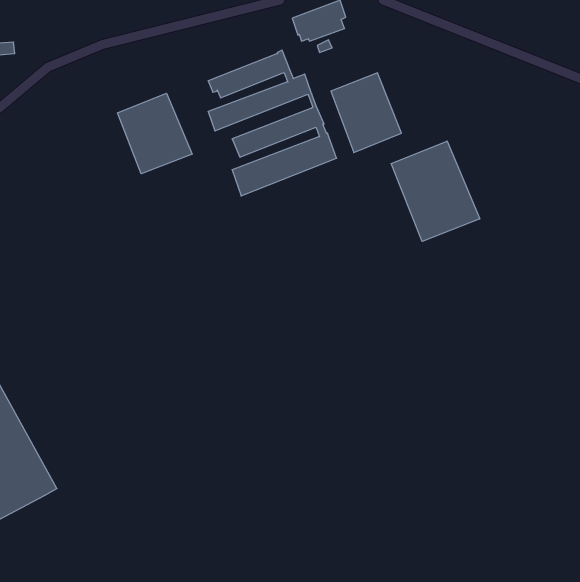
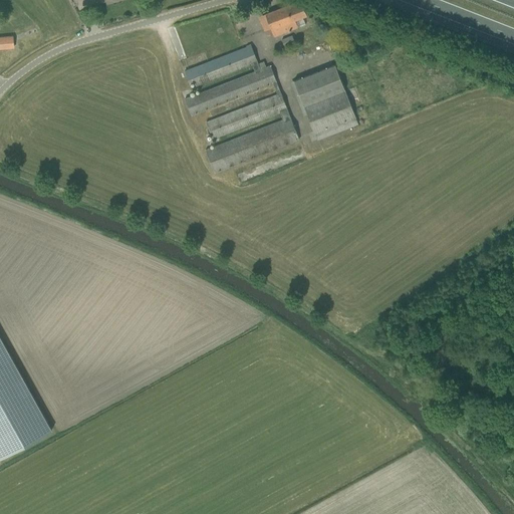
building: [117,93,192,174] -> none
building: [391,141,480,241] -> none

